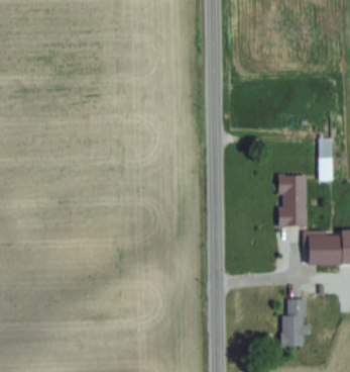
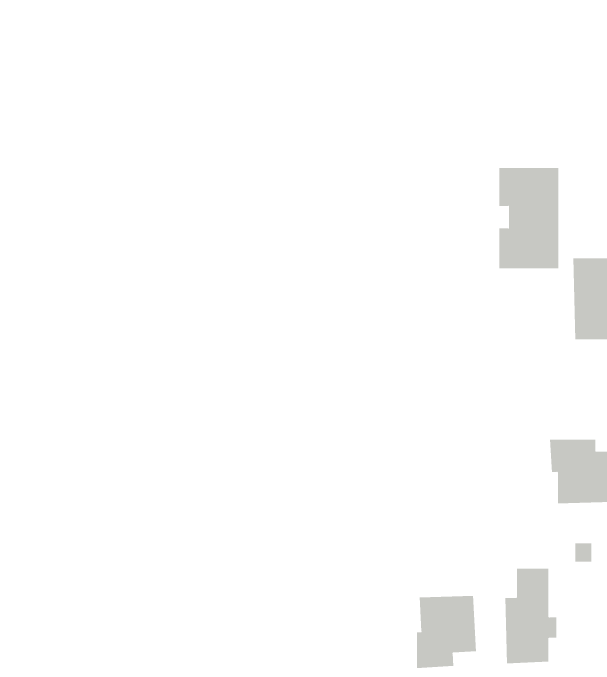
building: [278,175,310,227] -> [499,167,559,269]
building: none -> [416,595,476,669]

